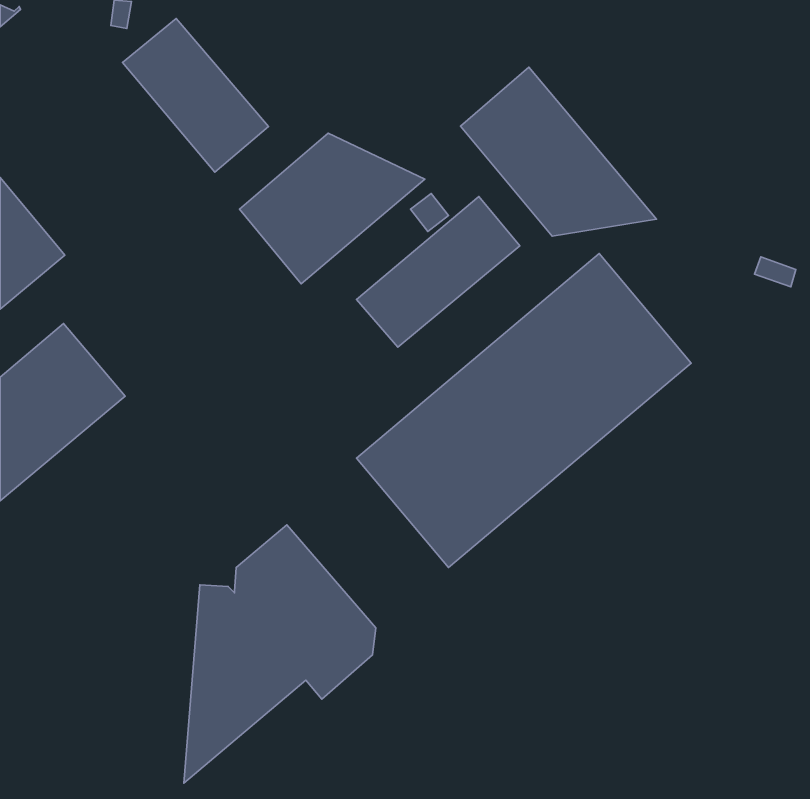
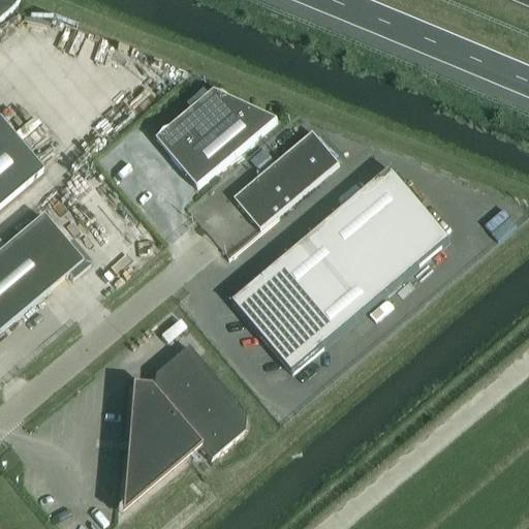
building: [123,18,269,172] -> none
building: [461,67,656,236] -> none

